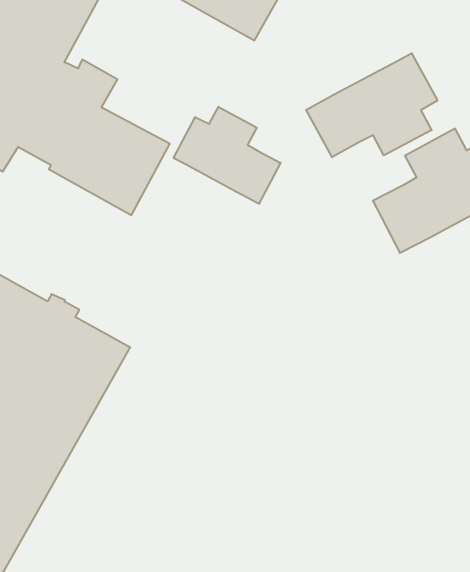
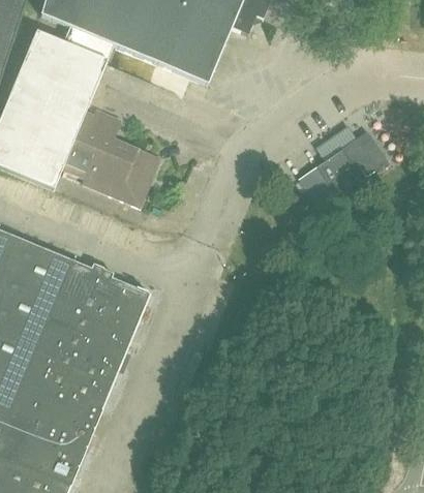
building: [306,53,437,157] -> none
building: [174,107,281,204] -> none

